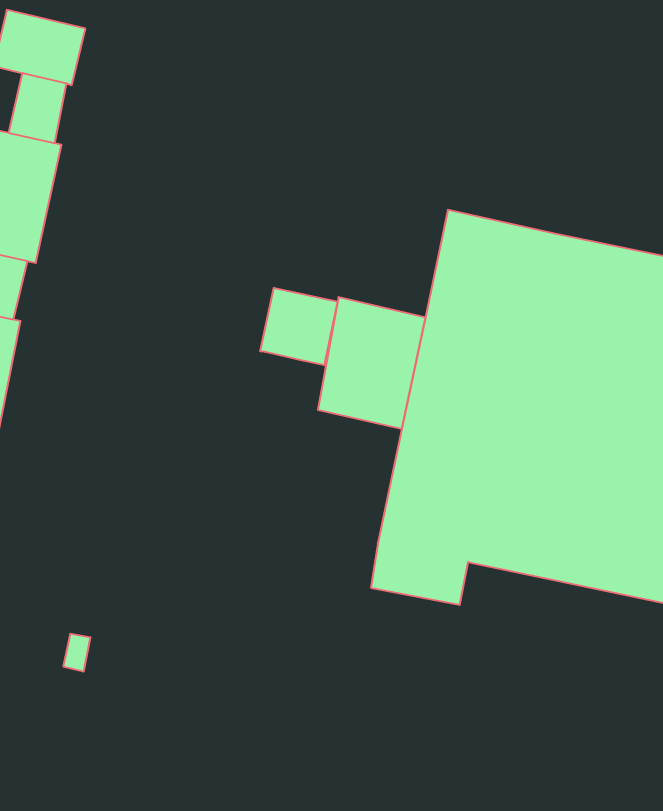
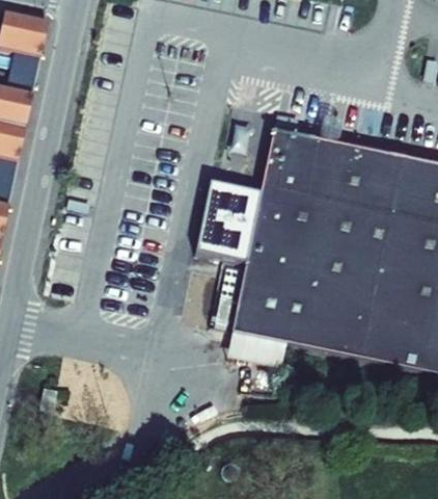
building: [260,288,338,365] -> none

